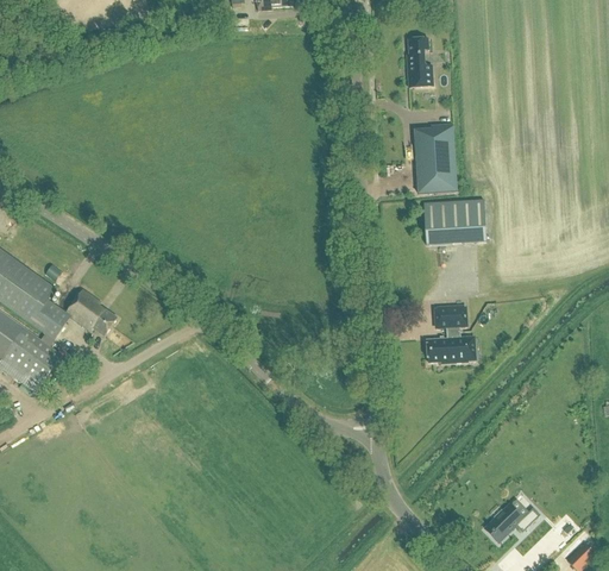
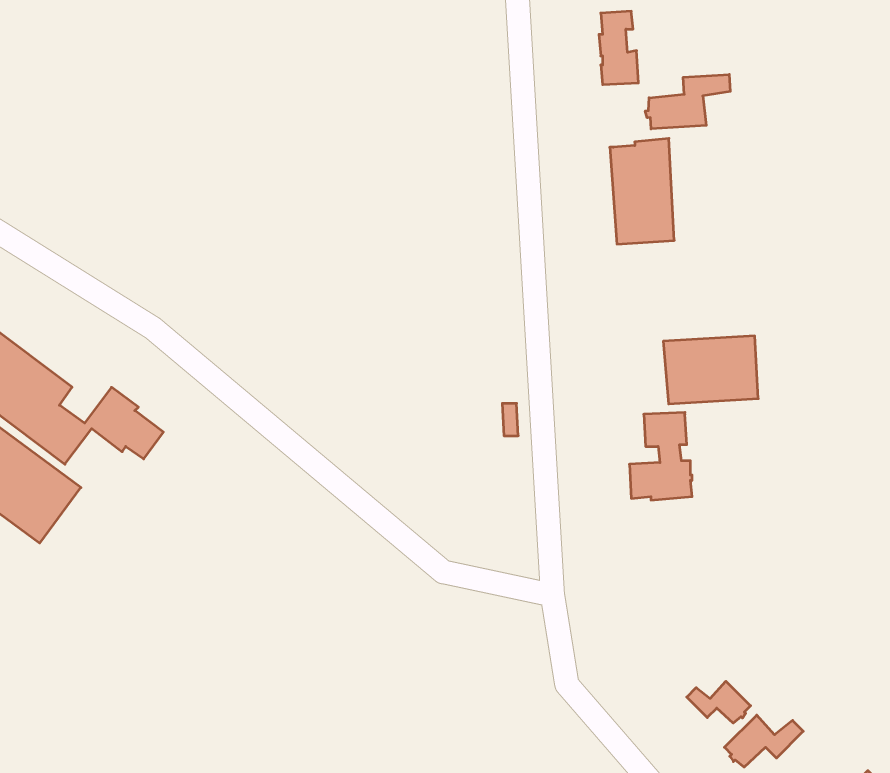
building: none -> [645,74,730,129]
building: [422,199,485,244] -> [663,336,758,404]
building: none -> [687,681,751,723]

